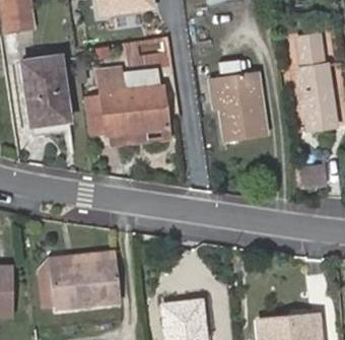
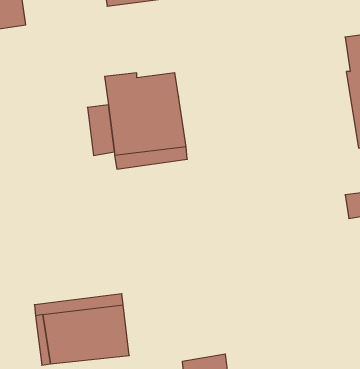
building: [23,58,69,129] -> none
building: [215,70,265,139] -> none

